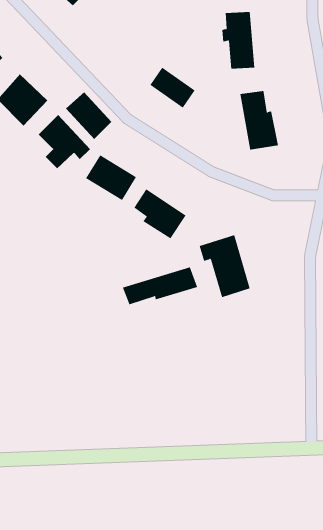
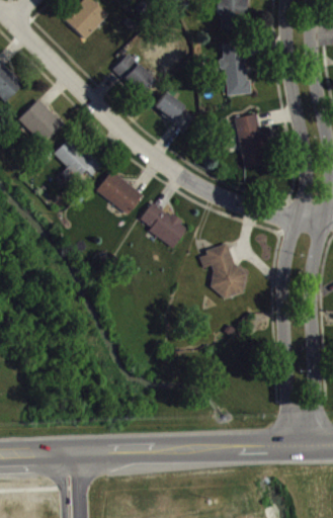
building: [65,92,112,140] -> [112,53,155,96]
building: [122,266,198,305] -> none

